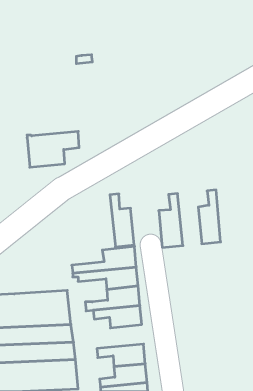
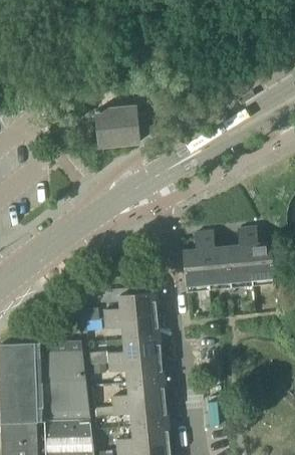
building: [27,131,79,167] -> [95,105,154,146]
building: none -> [246,227,274,286]
building: [110,194,134,247] -> [203,231,230,290]
building: none -> [92,379,165,408]

